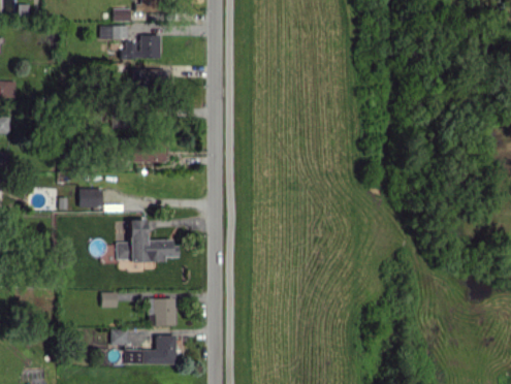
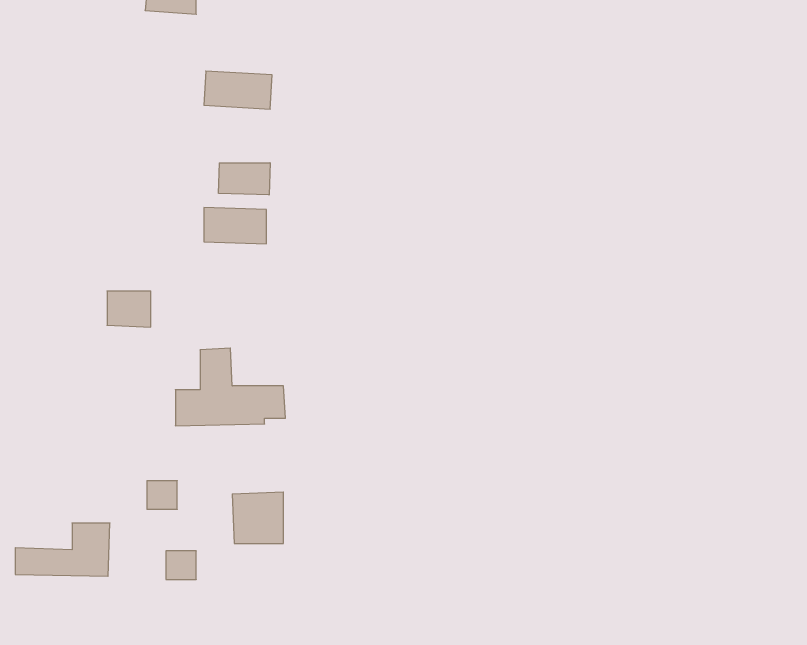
building: [123,35,161,60] -> none
building: none -> [219,163,270,195]
building: [125,337,177,365] -> [15,523,110,576]

